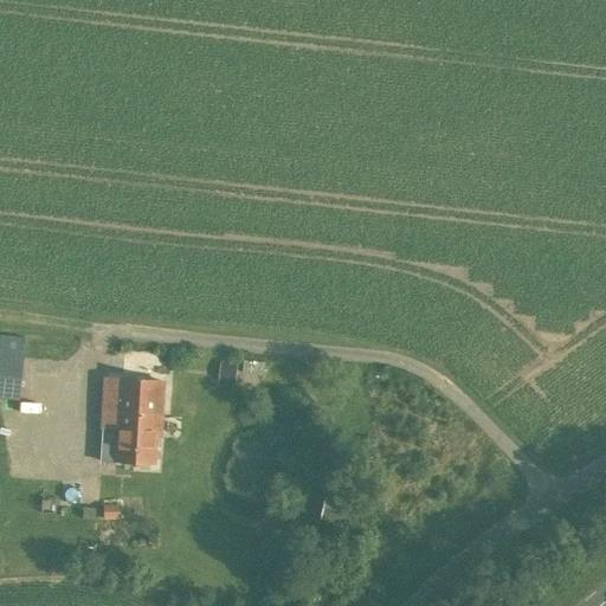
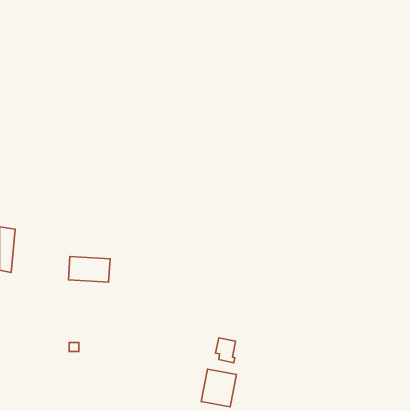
building: [99,412,160,463] -> none
building: none -> [201,369,236,407]

